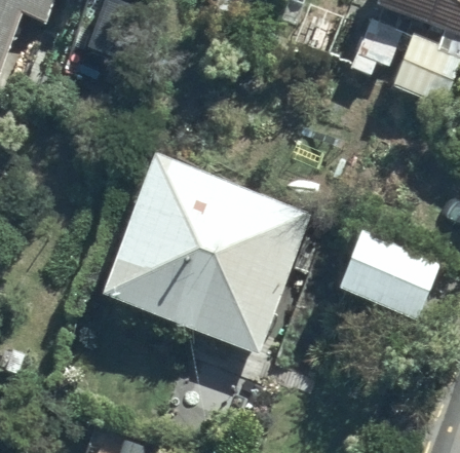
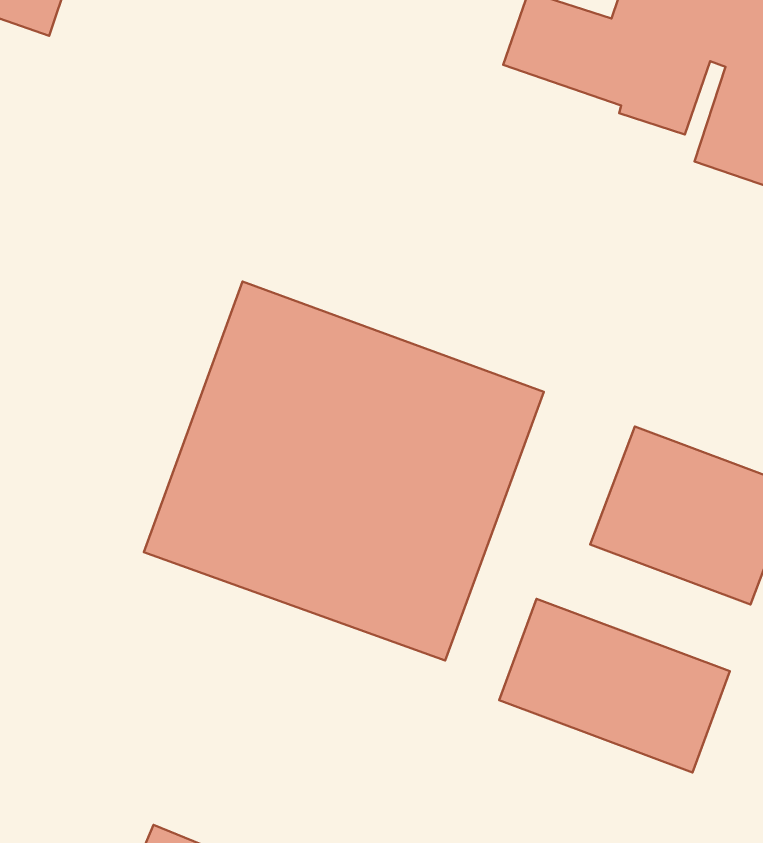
building: none -> [499,599,730,773]

